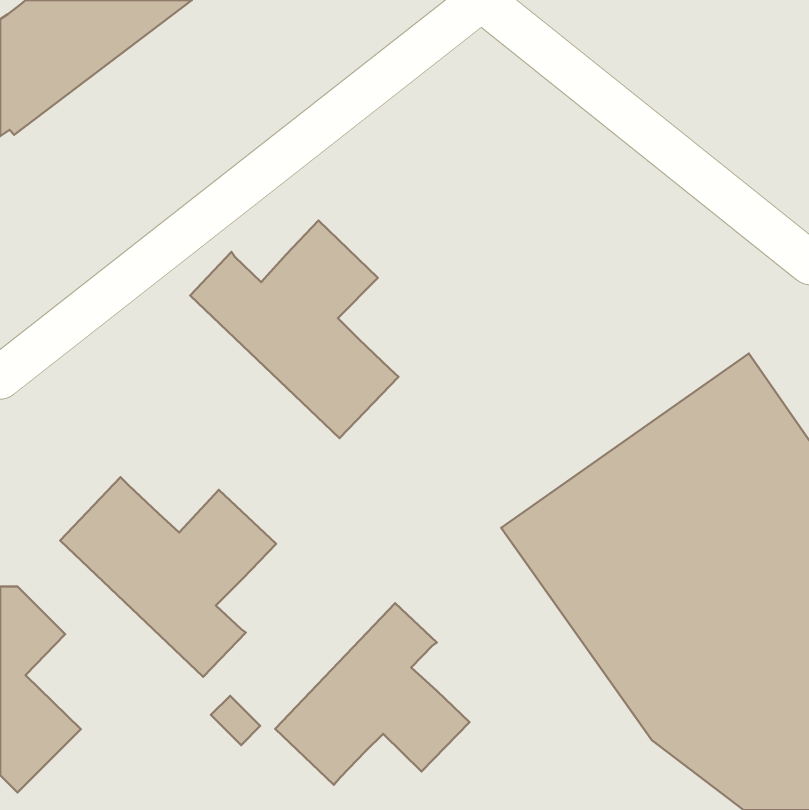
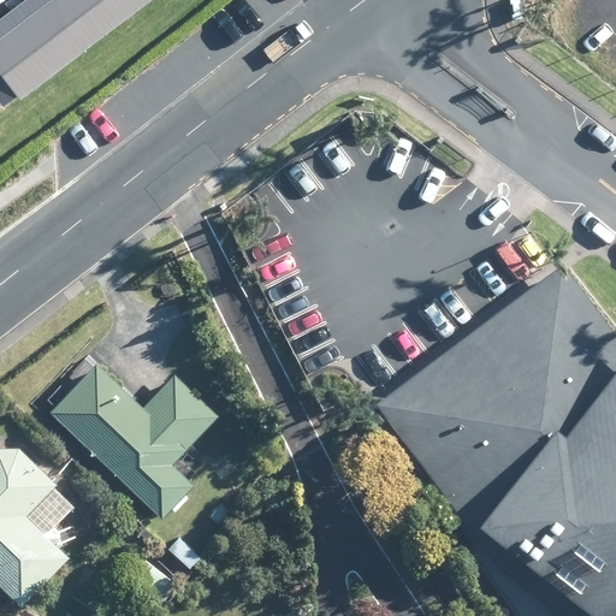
building: [190,221,399,438] -> none
building: [275,603,470,785] -> none

